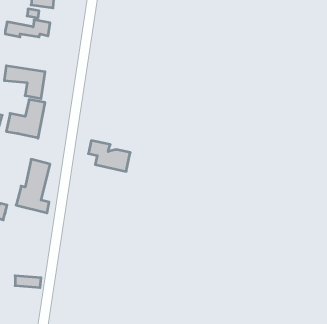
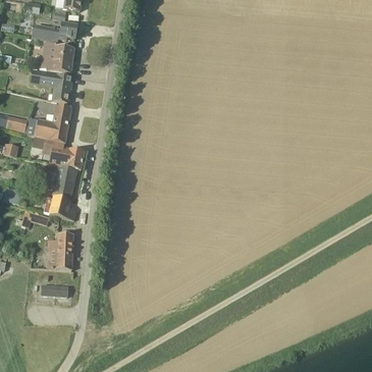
building: none -> [44,40,73,71]
building: [88,141,130,171] -> [42,138,85,169]
building: none -> [48,232,73,269]

